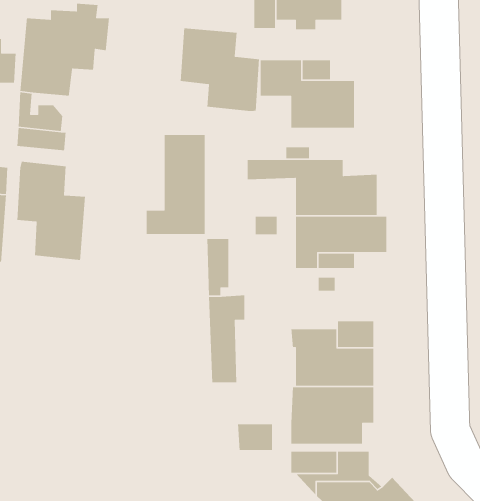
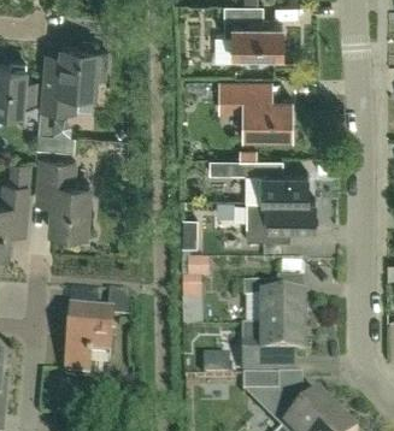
building: [180,27,260,112] -> none
building: [146,134,206,235] -> none
building: none -> [66,294,130,377]

